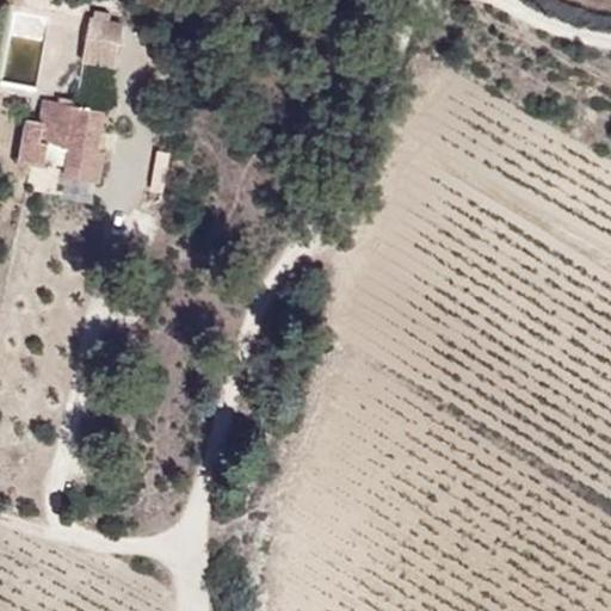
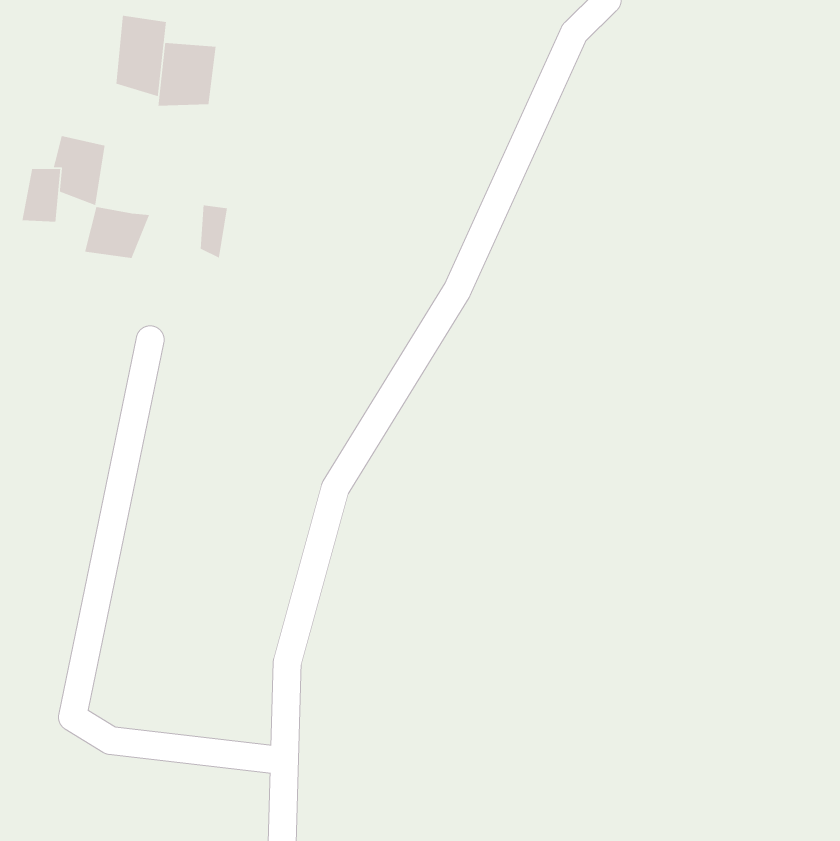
building: none -> [157,42,217,107]
building: [69,106,105,155] -> none

